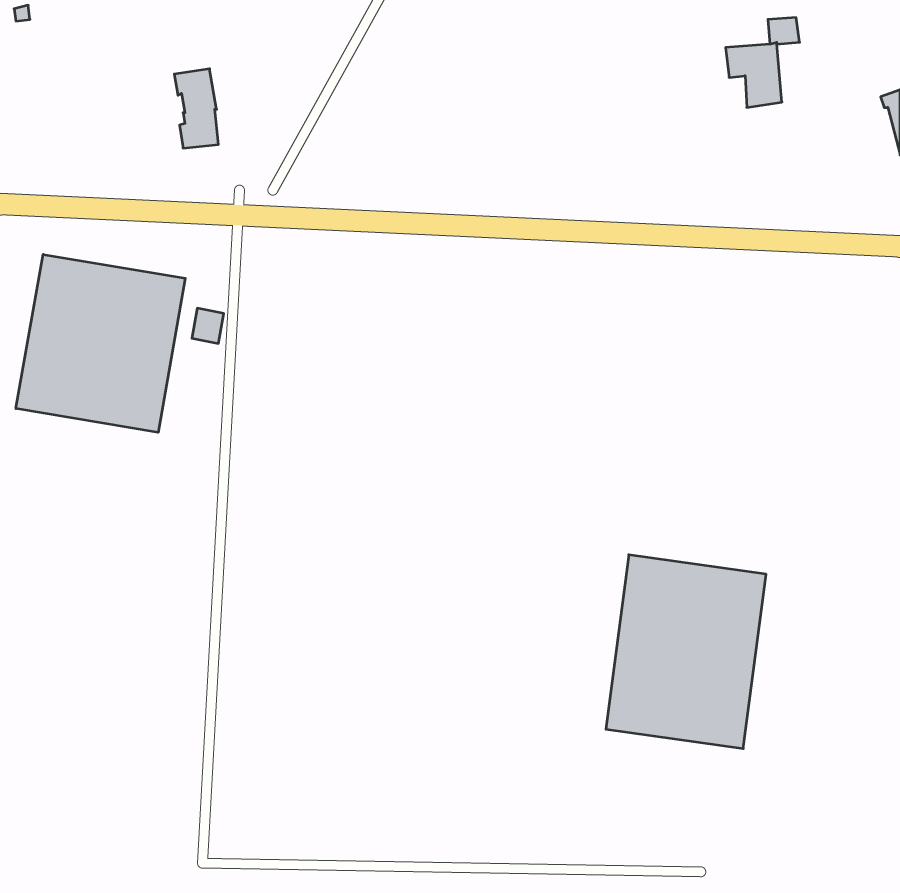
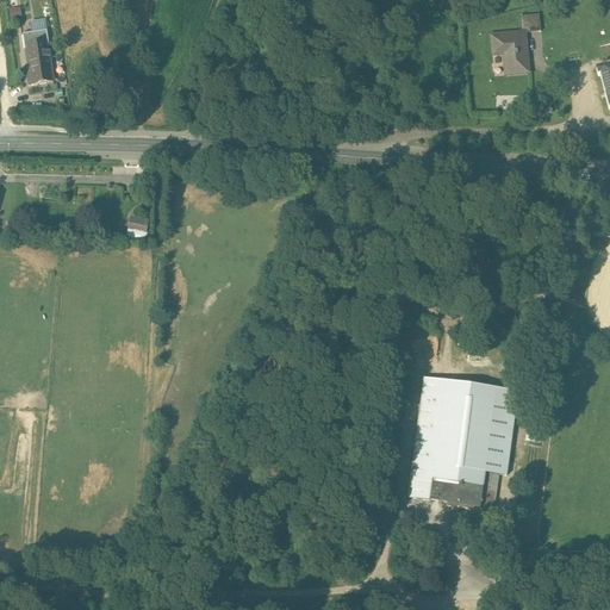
building: [174,69,218,148] -> [23,26,52,80]
building: [16,254,185,432] -> none

